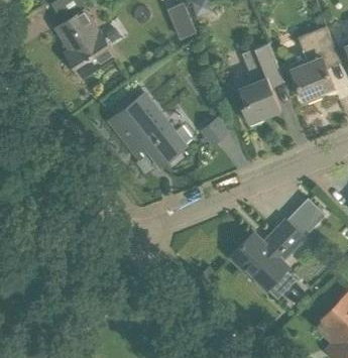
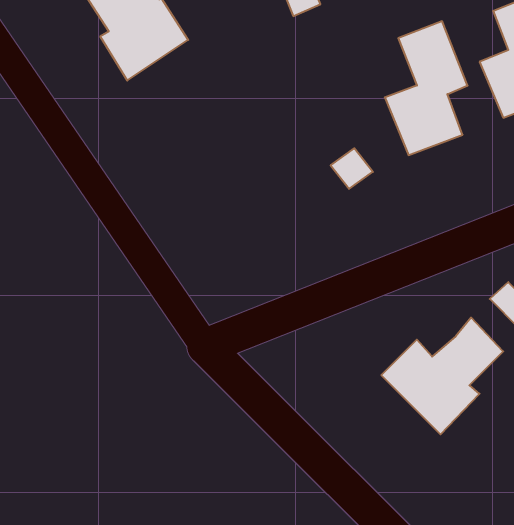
building: [113,98,193,162] -> none

